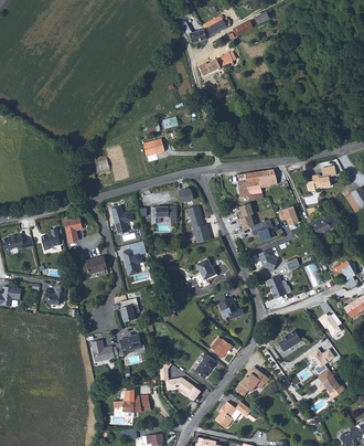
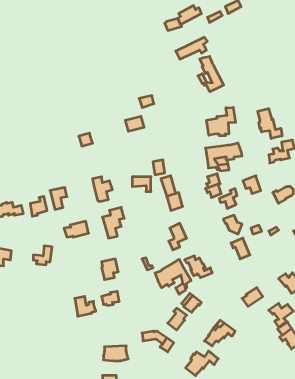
building: none -> [198,56,224,92]
building: none -> [207,107,236,136]
building: none -> [258,109,282,139]
building: none -> [155,259,191,294]

